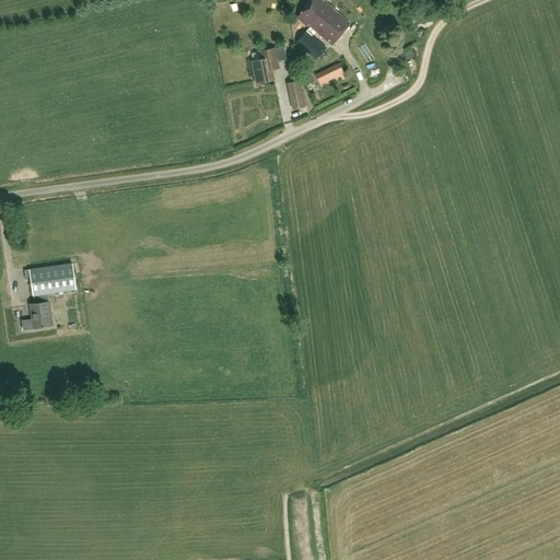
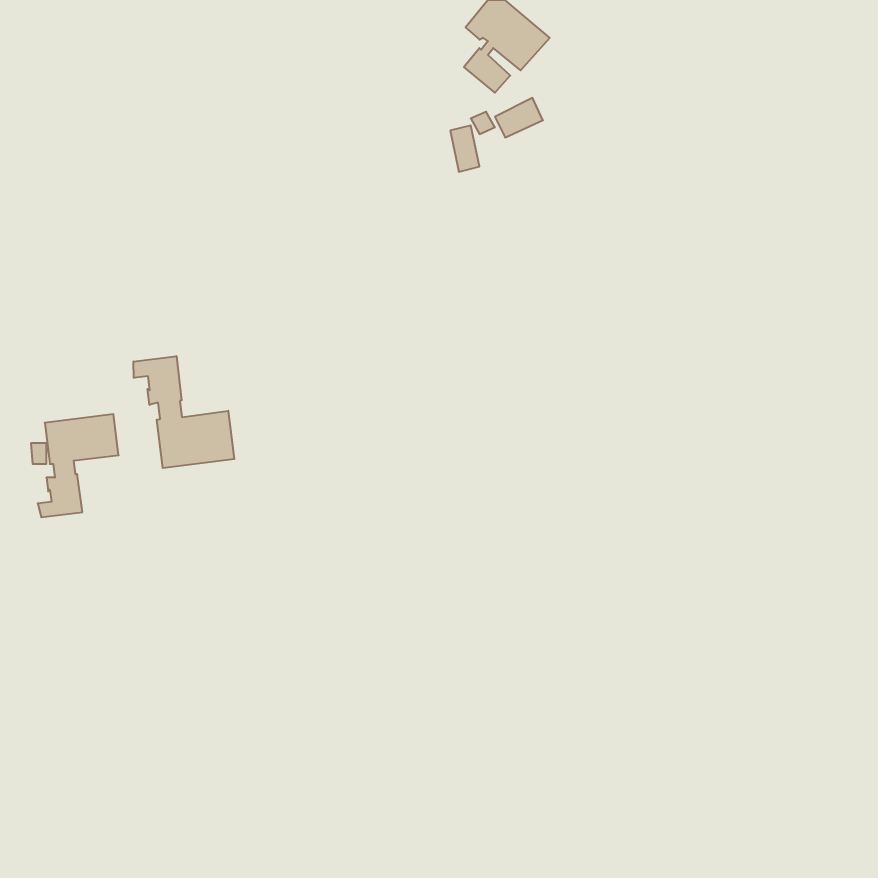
building: [250,47,280,84] -> none
building: none -> [134,356,234,468]

